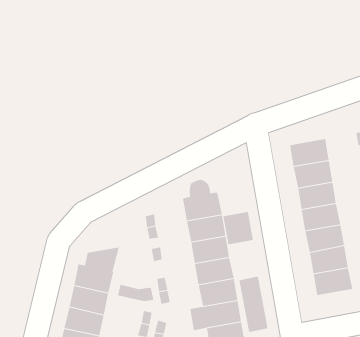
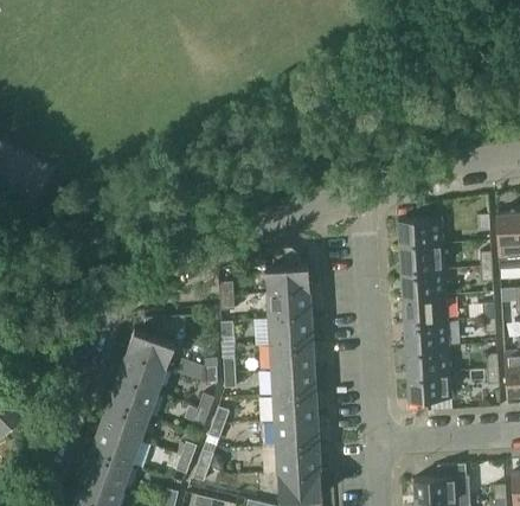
building: [223,211,253,245] -> none
building: [239,276,268,333] -> none

